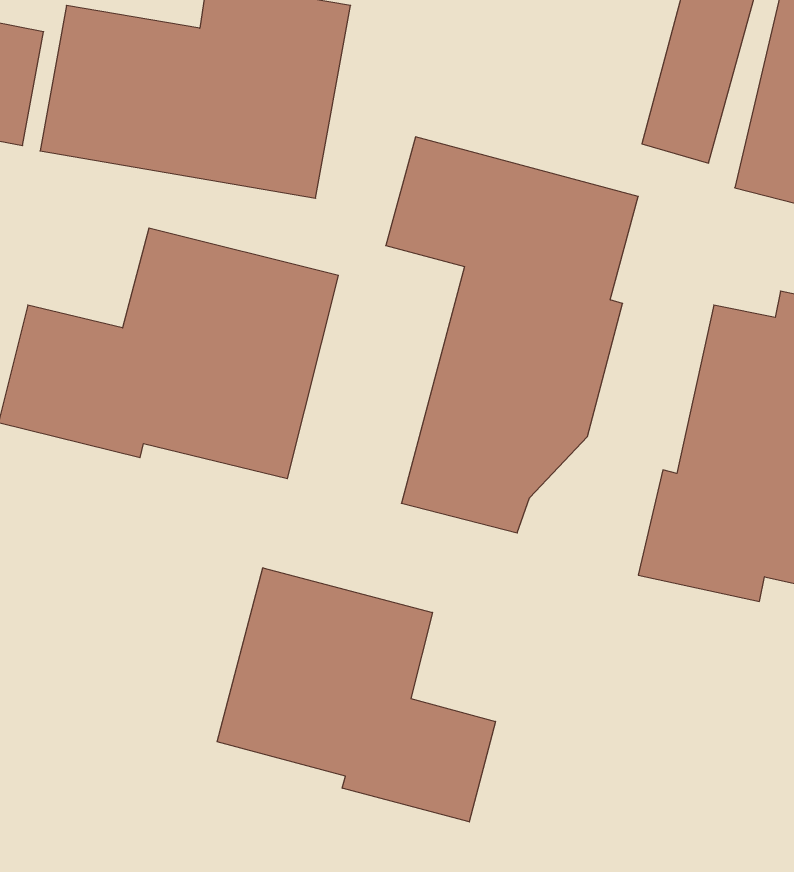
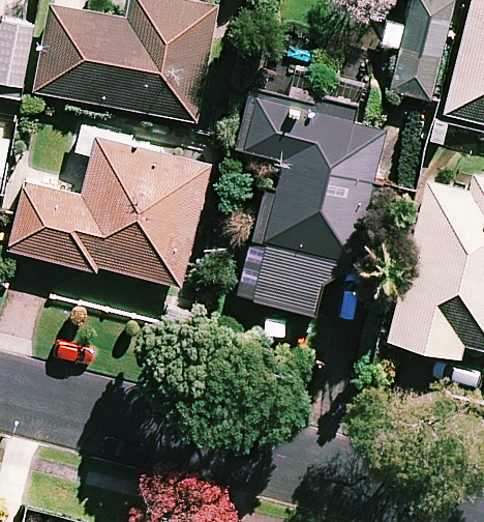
building: [217,568,495,822] -> none

